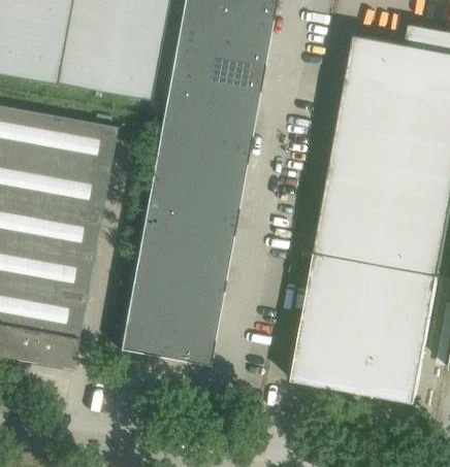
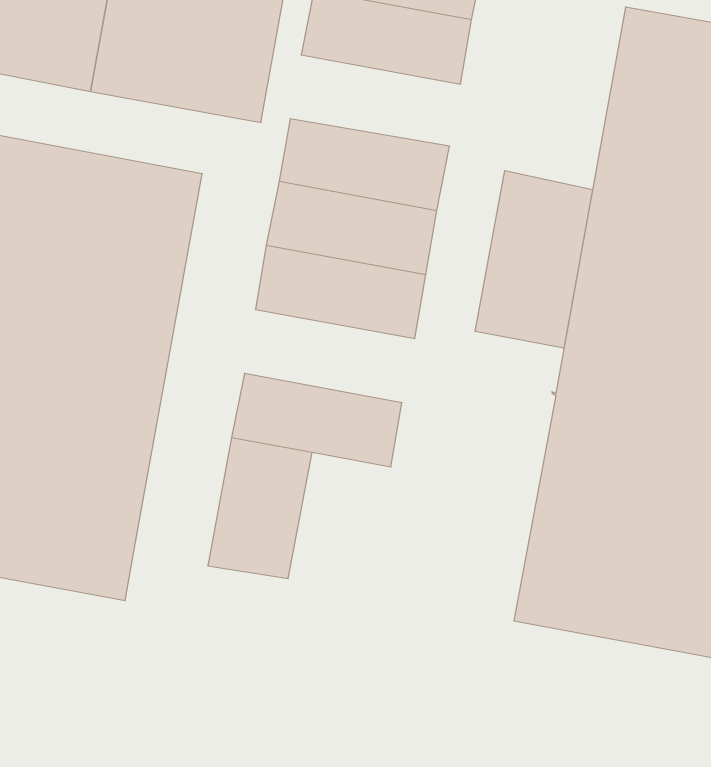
building: [165,62,261,113] -> none
building: none -> [475,171,593,348]
building: [139,205,235,258] -> none
building: [164,286,222,365] -> none

